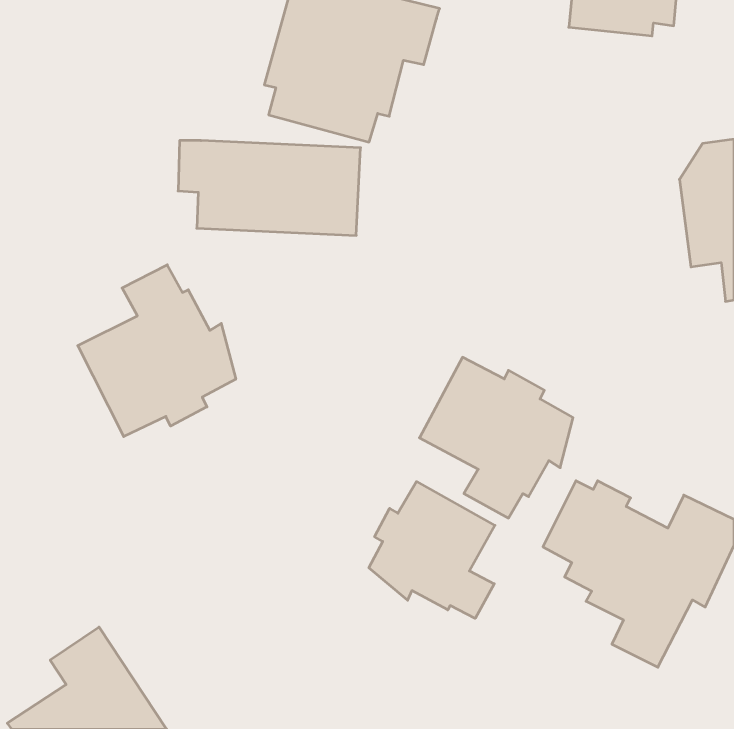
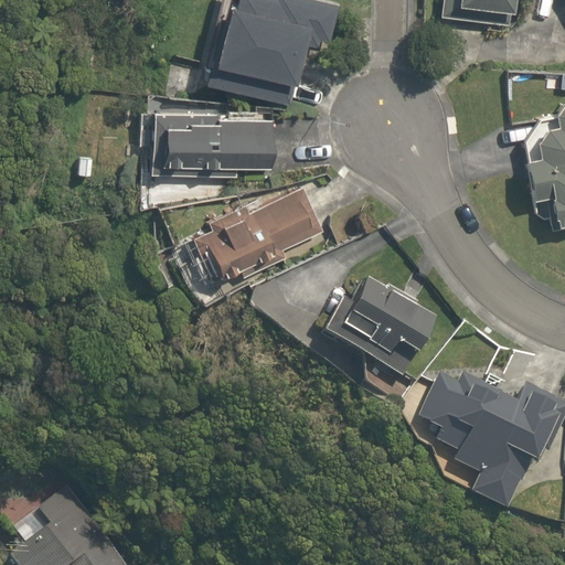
building: none -> [194,183,320,278]
building: [78,265,236,437] -> none
building: [369,482,495,618] -> none

